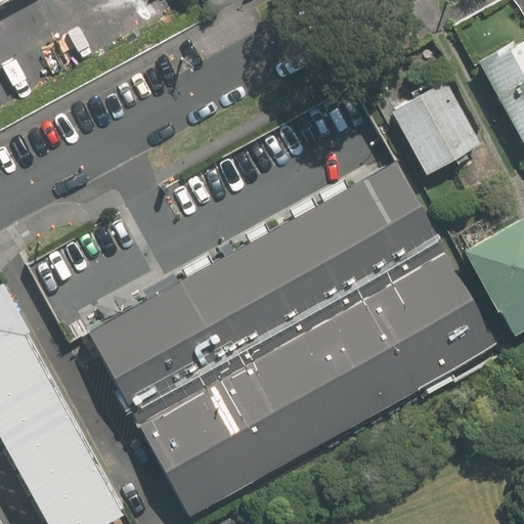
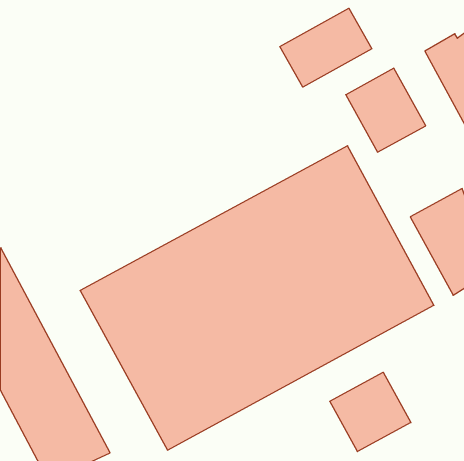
building: none -> [280,8,372,87]
building: none -> [330,372,411,452]

